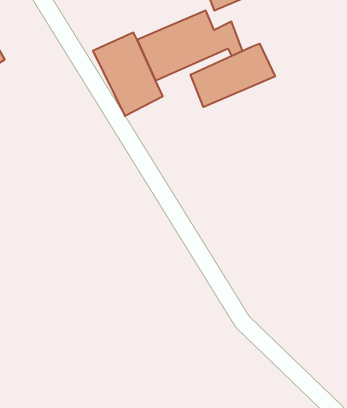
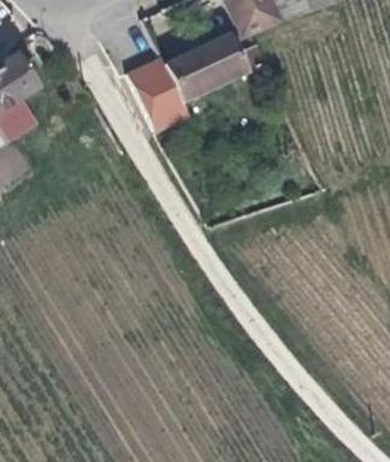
building: [190,44,275,107] -> none

